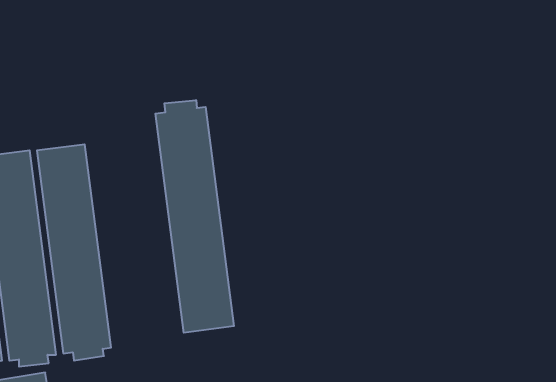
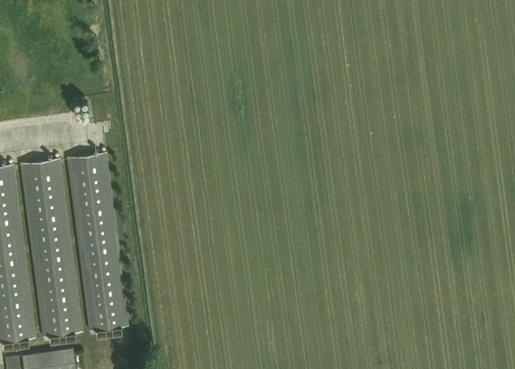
building: [155,100,234,333] -> none

